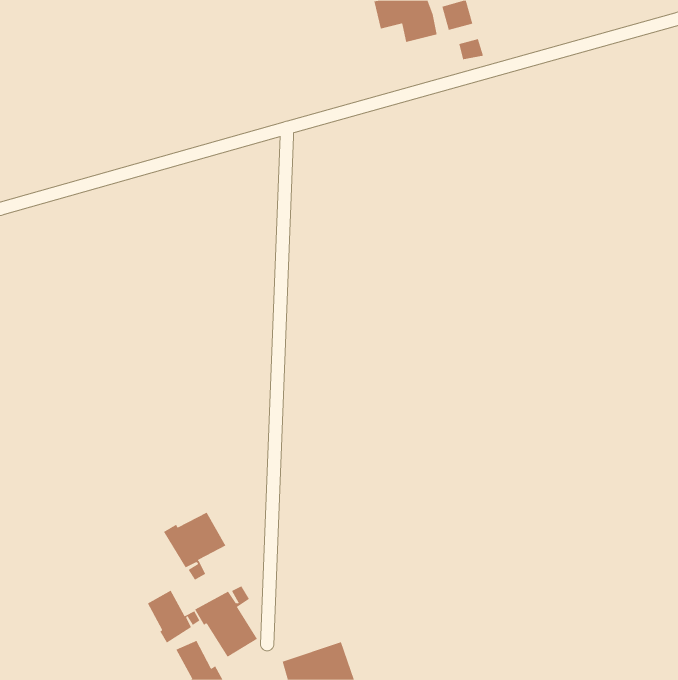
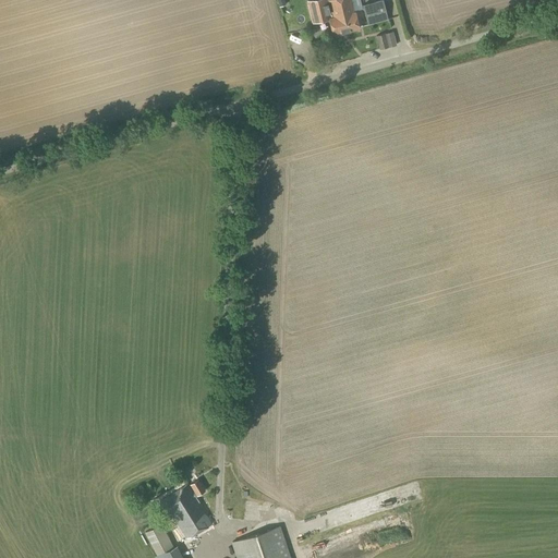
building: [163,512,226,580] -> none
building: [147,590,200,644] -> none

